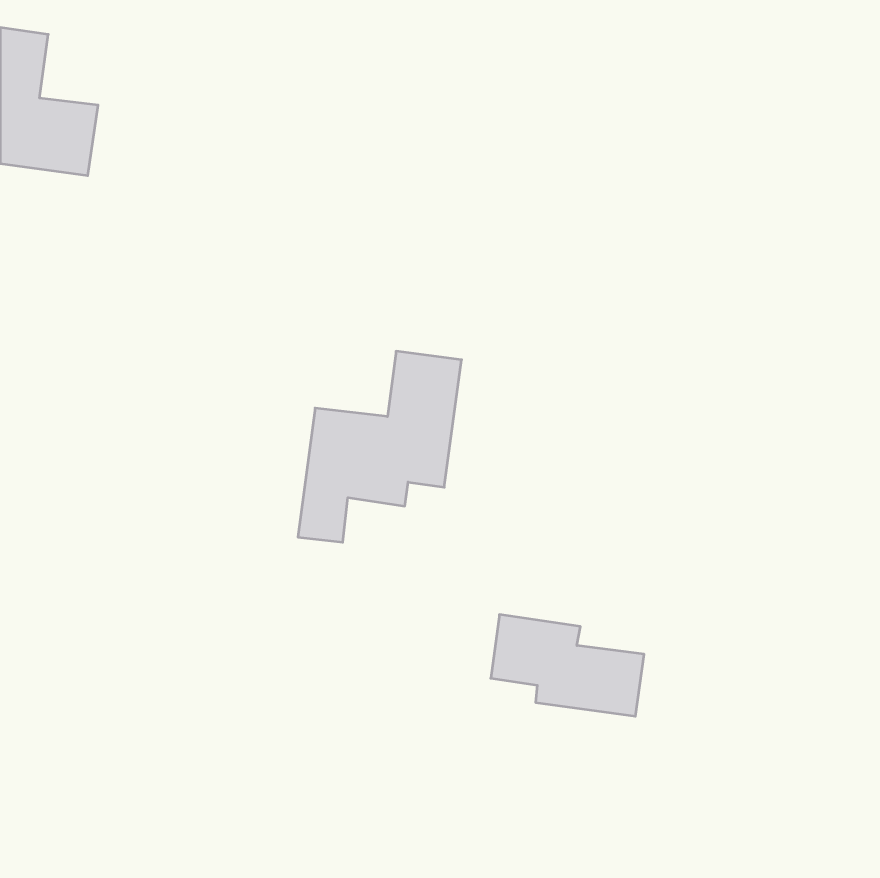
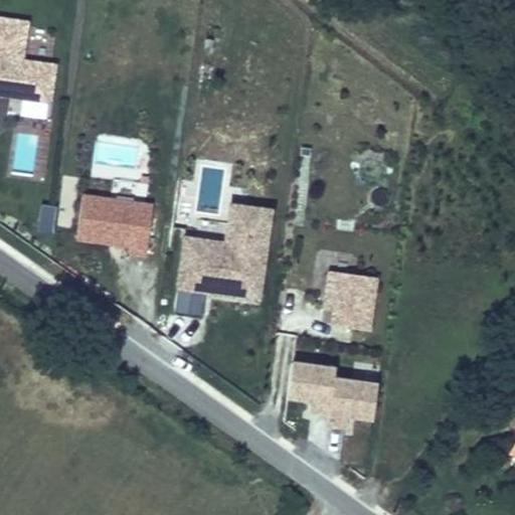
building: none -> [76,192,154,258]
building: none -> [322,271,379,331]

